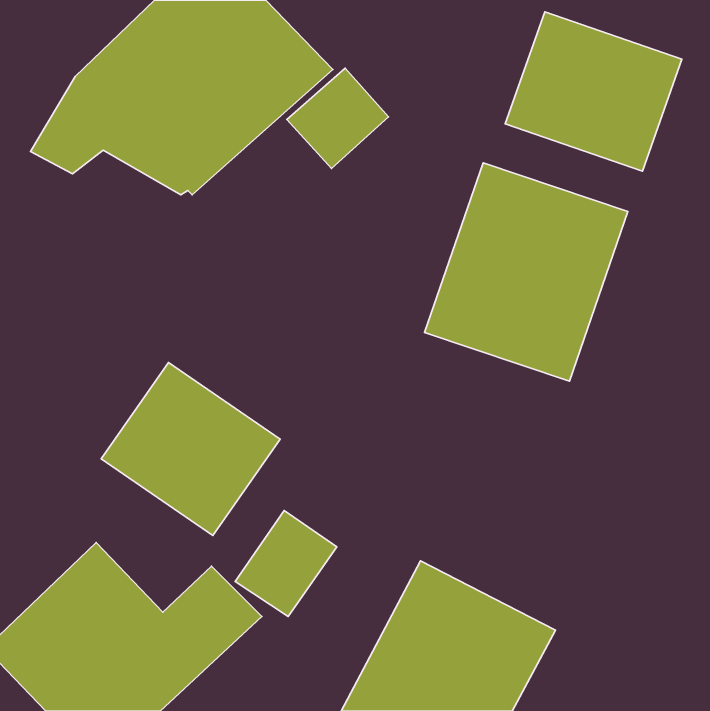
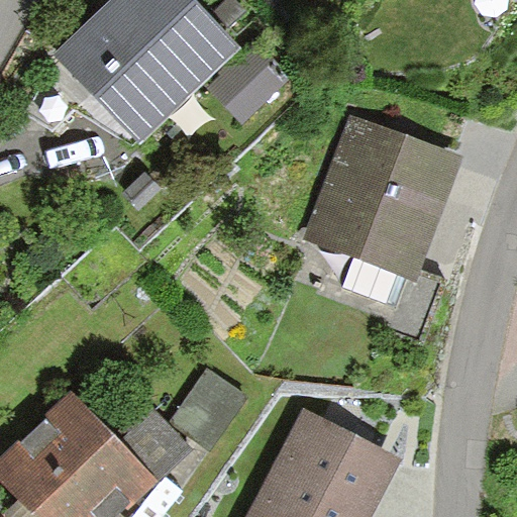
building: [505,12,682,171] -> none
building: [101,362,280,535] -> none

